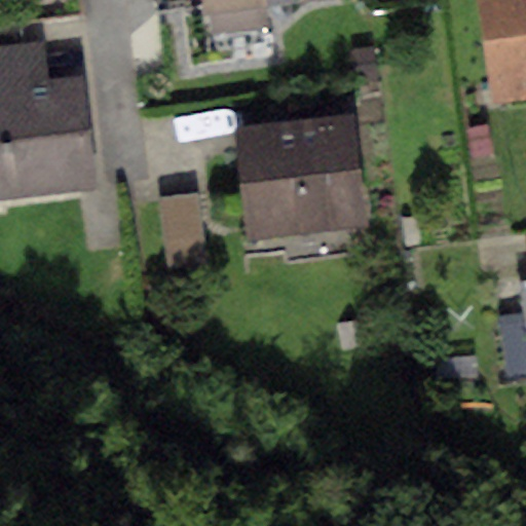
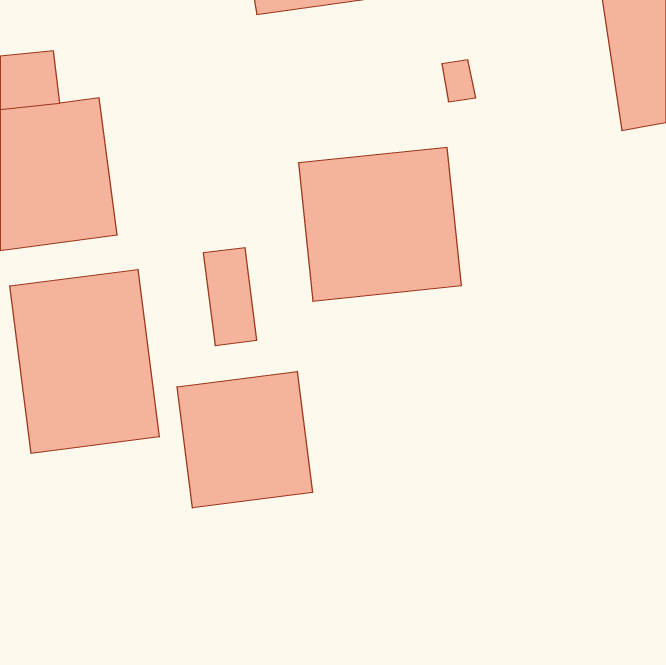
building: none -> [10,269,159,453]
building: none -> [177,371,313,508]

